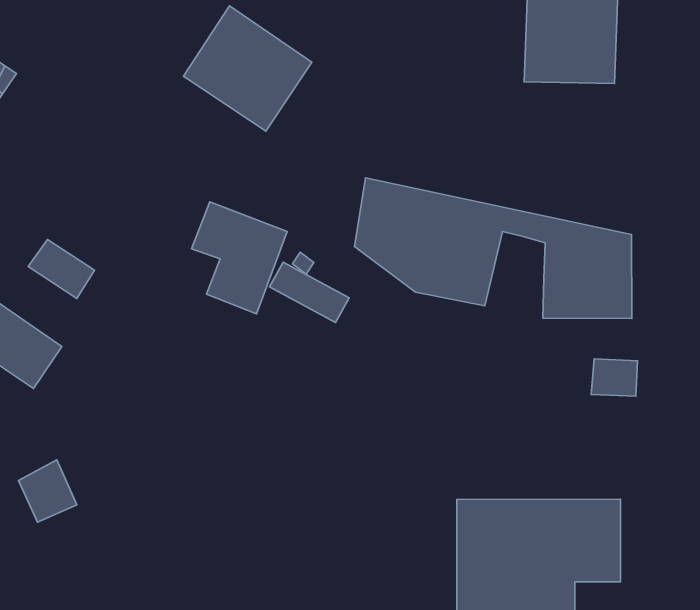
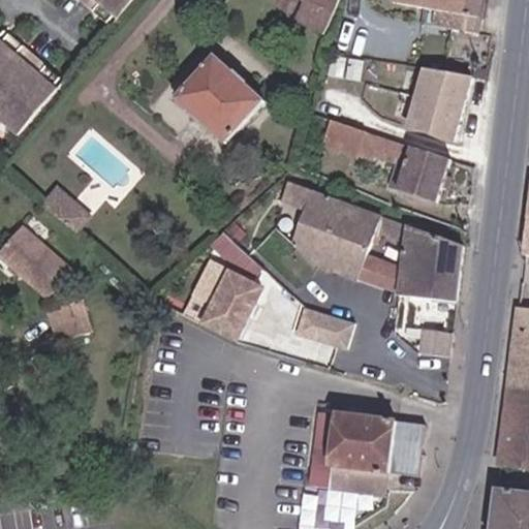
building: none -> [318,116,444,204]
building: [191,202,287,314] -> [192,262,258,342]
building: none -> [355,230,398,292]
building: none -> [294,307,351,347]
building: [18,460,77,522] -> [49,299,86,339]

